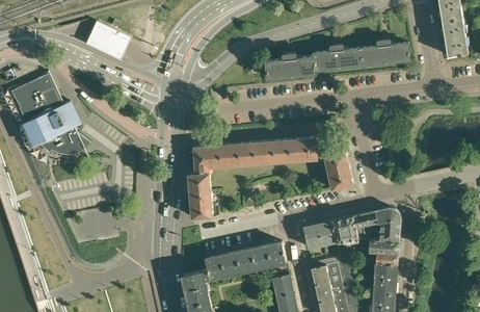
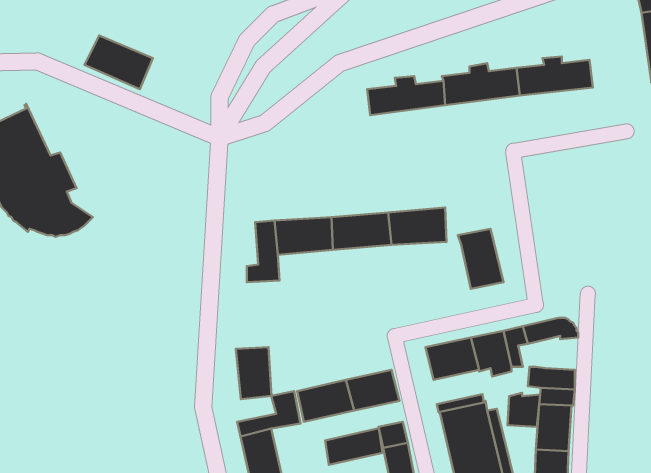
building: [189,184,212,217] -> [236,347,272,399]
building: [380,219,401,241] -> [508,393,540,427]
building: none -> [325,428,383,465]

